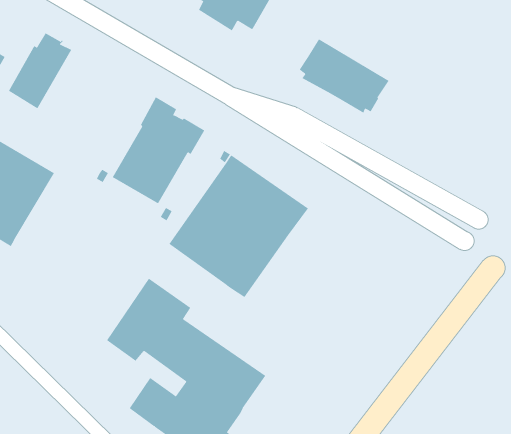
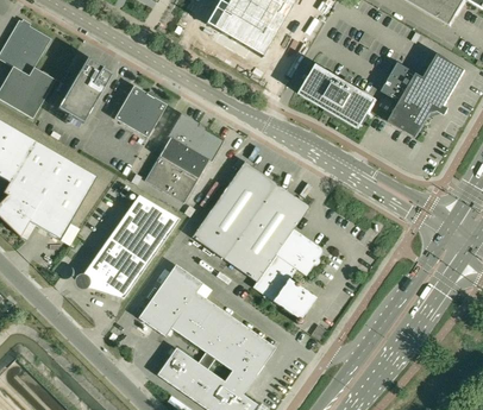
building: none -> [381,53,465,137]
building: none -> [114,84,167,137]
building: none -> [83,194,178,297]
building: none -> [252,228,321,322]

